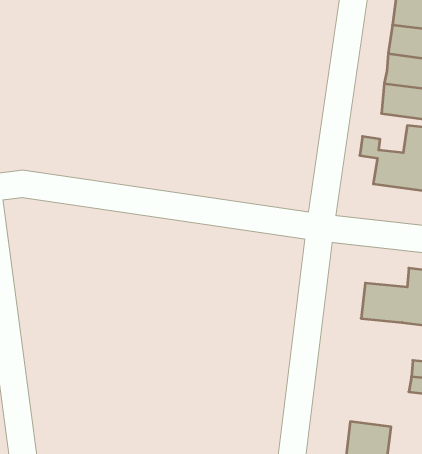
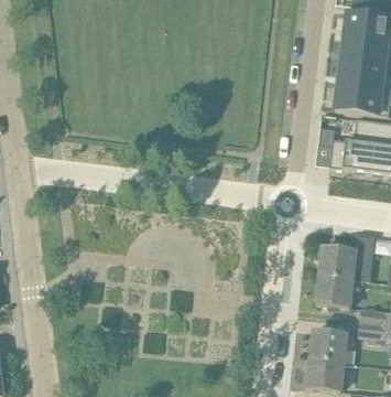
building: none -> [316,275,351,307]
building: none -> [309,330,354,363]

